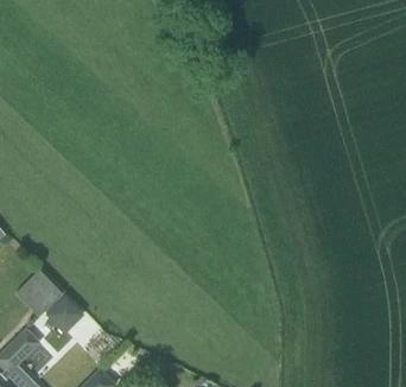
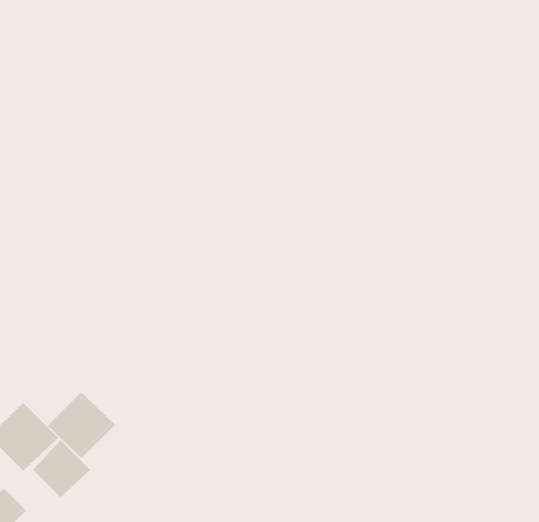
building: none -> [47,392,116,459]

